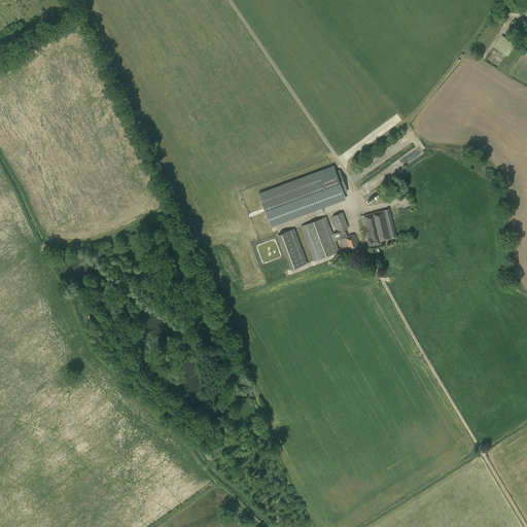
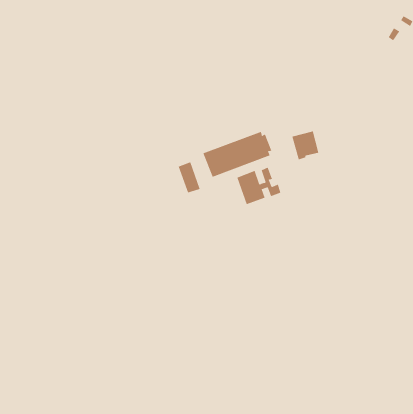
building: [360,209,395,246] -> [292,131,319,160]
building: [277,229,306,269] -> [178,162,200,193]

